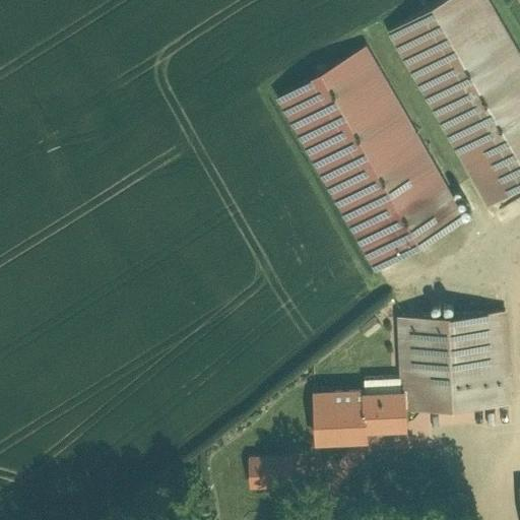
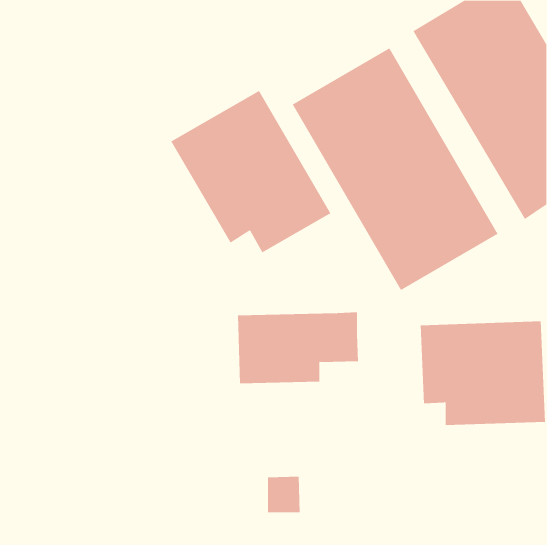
building: none -> [170,90,331,253]
building: [306,385,420,453] -> [237,312,359,384]

